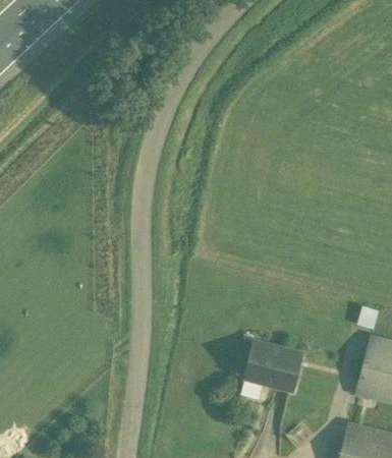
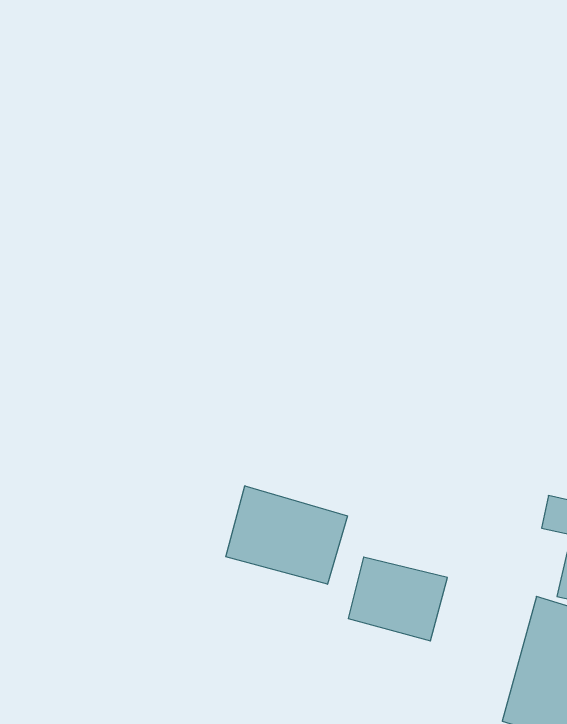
building: none -> [226,486,348,584]

